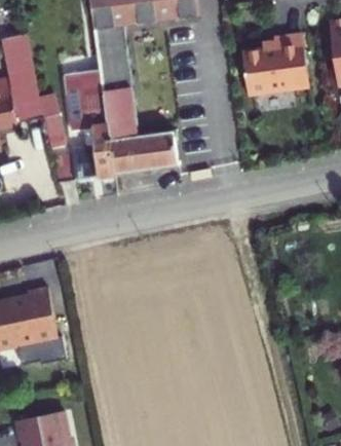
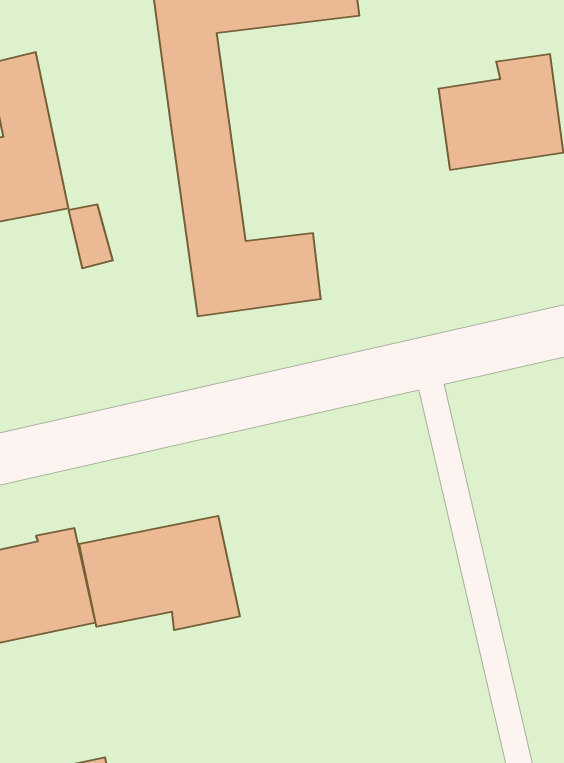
building: [52,73,113,183] -> none
building: none -> [79,516,240,630]

